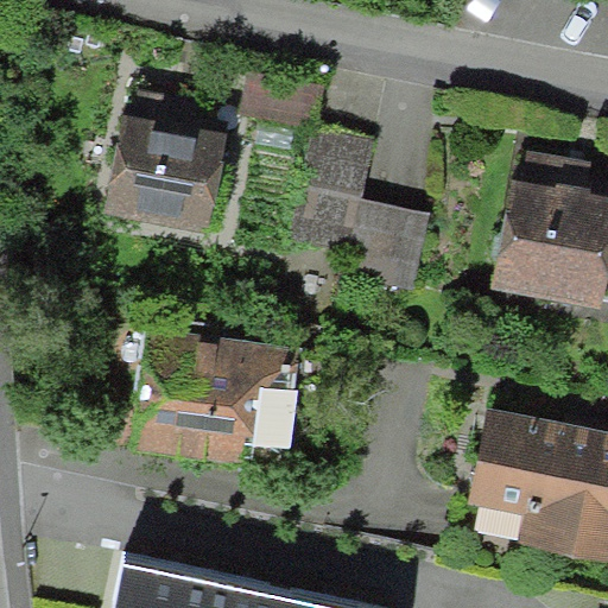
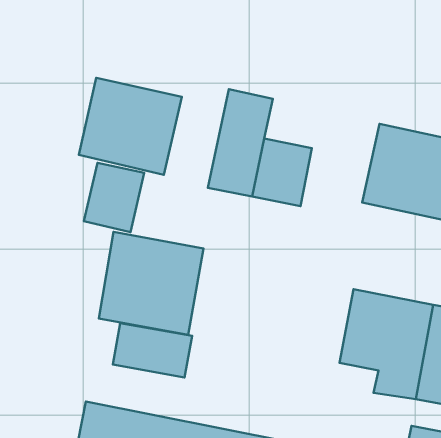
building: none -> [84,163,144,232]
building: none -> [113,323,192,378]

